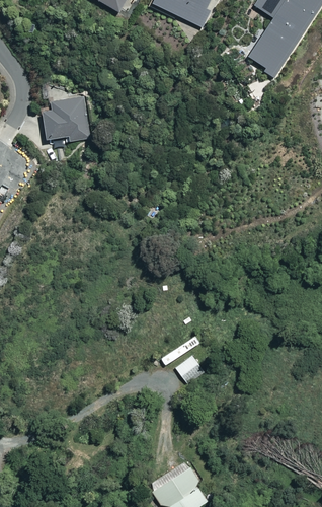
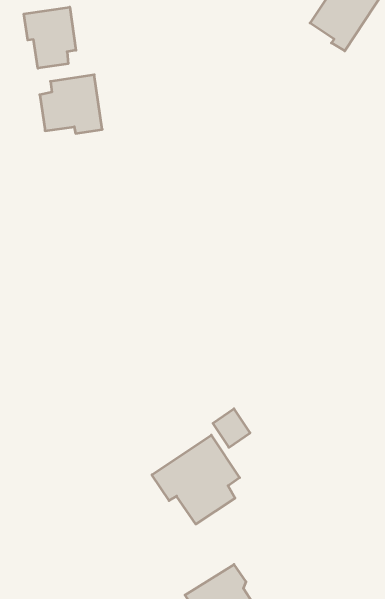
building: none -> [24,7,76,68]
building: none -> [152,435,240,524]

